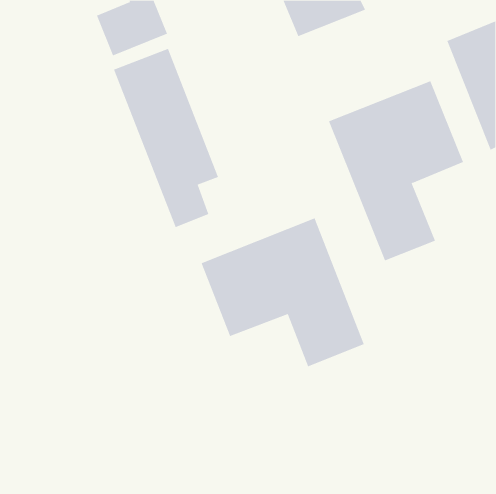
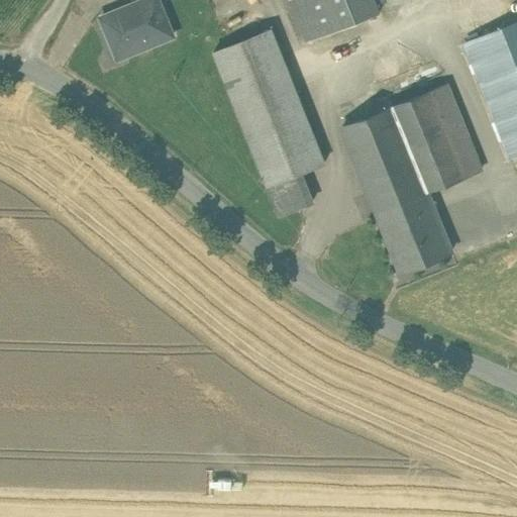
building: [113,48,219,228] -> [214,30,324,217]
building: [201,217,365,367] -> none

